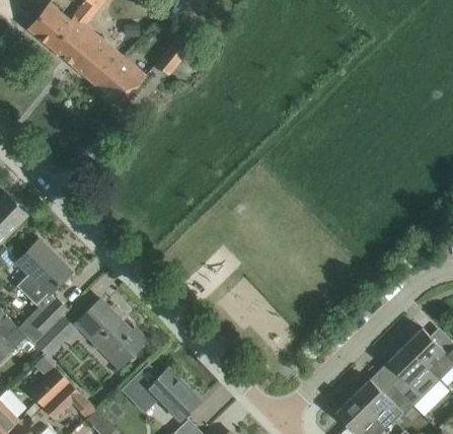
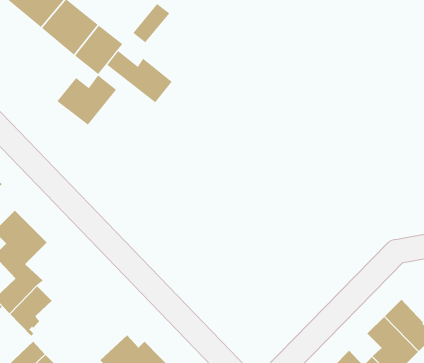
building: none -> [106,50,173,103]
building: none -> [57,74,117,126]
building: [75,298,146,367] -> none

